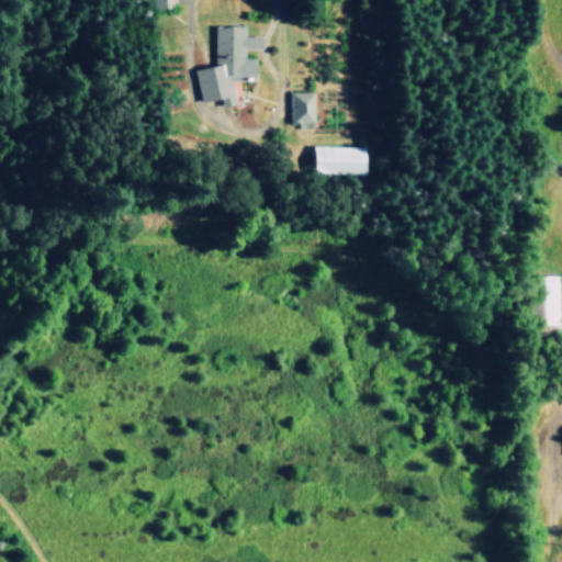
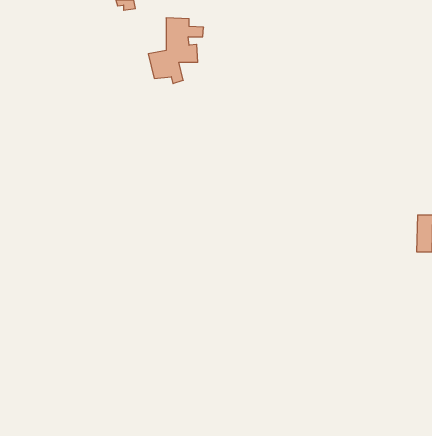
building: [290,90,316,128] -> none
building: [311,146,367,173] -> none

